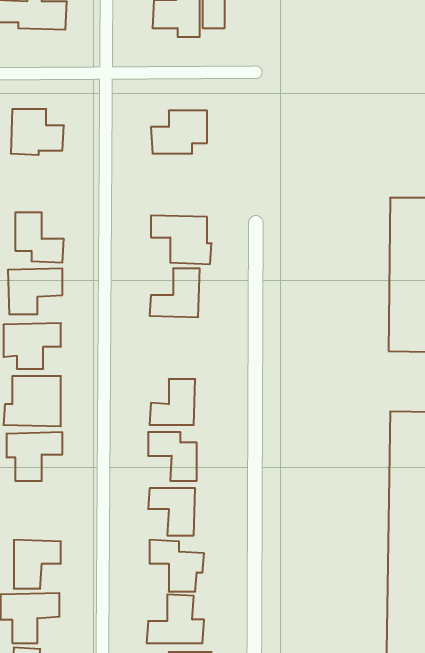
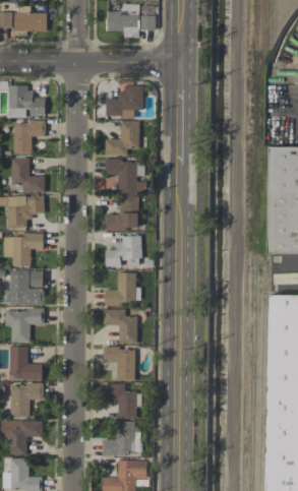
building: none -> [105,121,139,156]
building: none -> [13,122,46,155]
building: none -> [105,236,140,266]
building: none -> [8,347,42,380]

